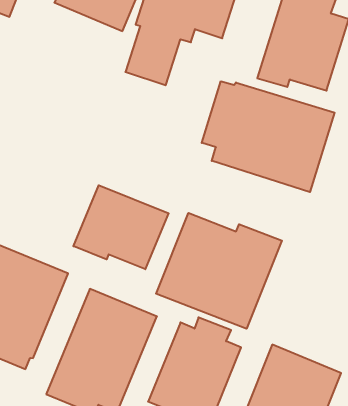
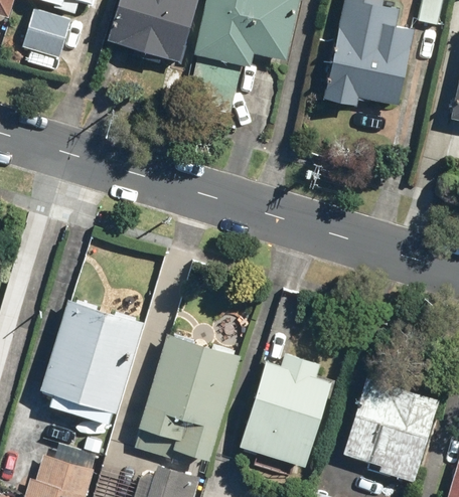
building: [202,81,335,192] -> none
building: [73,185,169,269] -> none
building: [156,213,282,329] -> none

